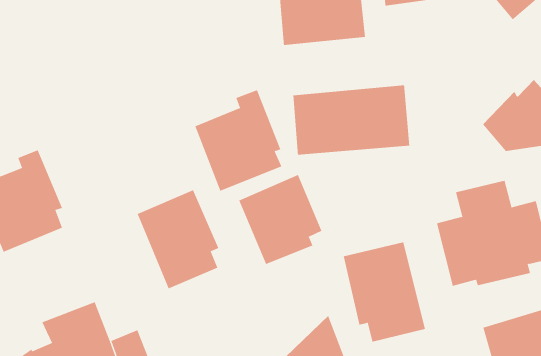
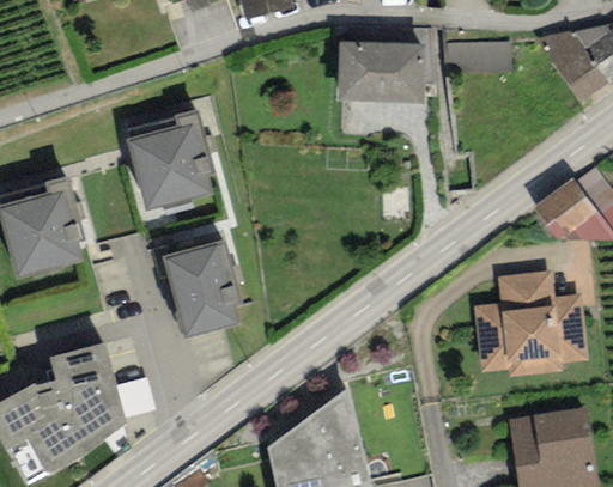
building: [293,84,410,155] -> none
building: [194,90,282,192] -> [127,108,214,209]
building: [239,174,322,265] -> none
building: [343,241,426,343] -> none

